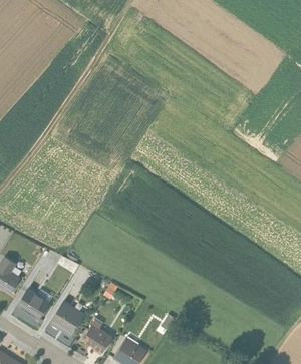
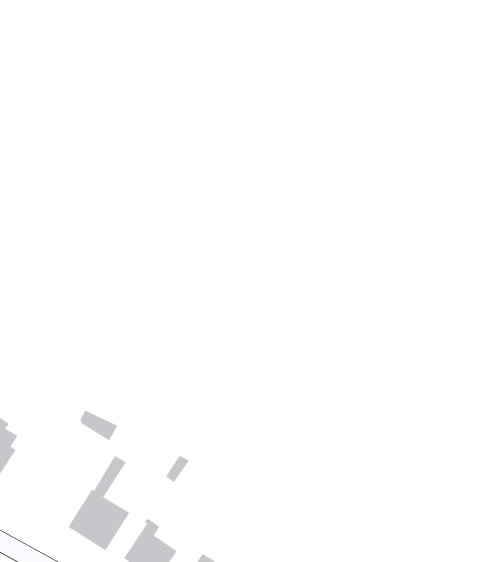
building: [16,288,52,320] -> none

